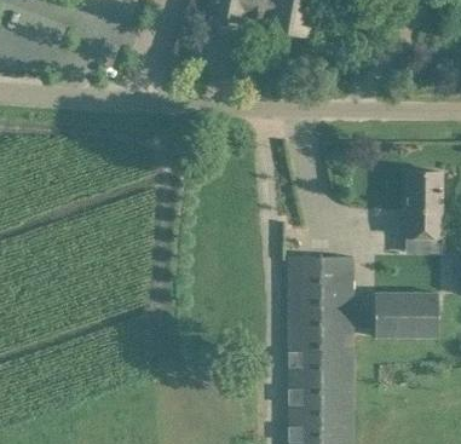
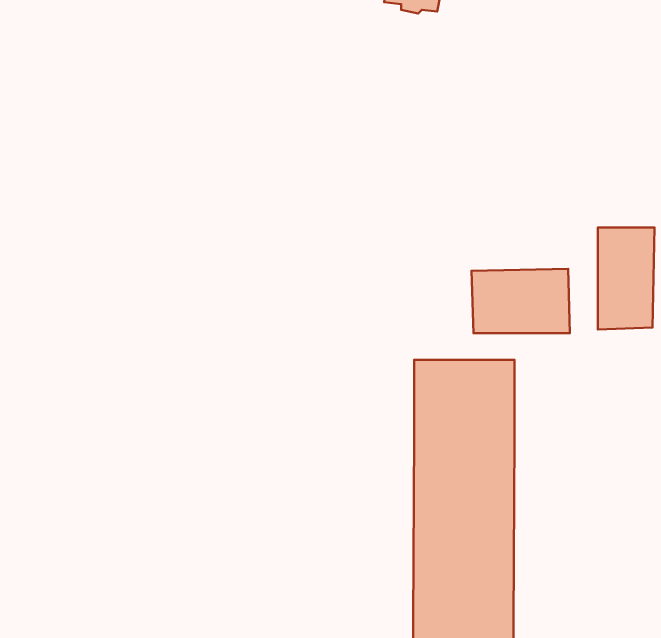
building: [375,294,438,335] -> [472,269,570,333]

